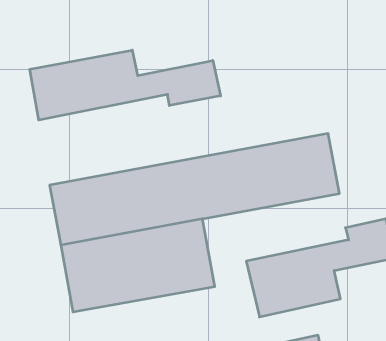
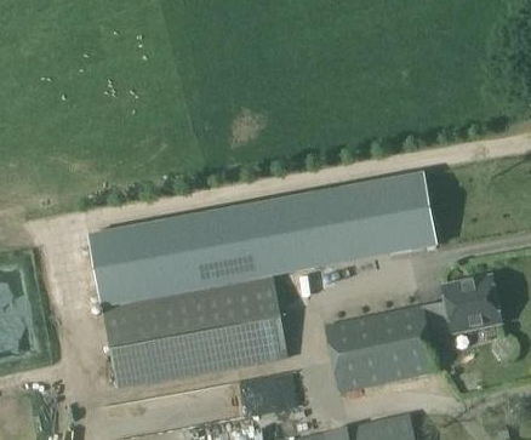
building: [30,50,221,120] -> none

